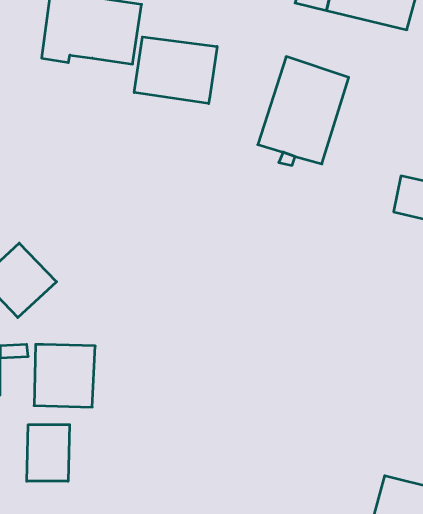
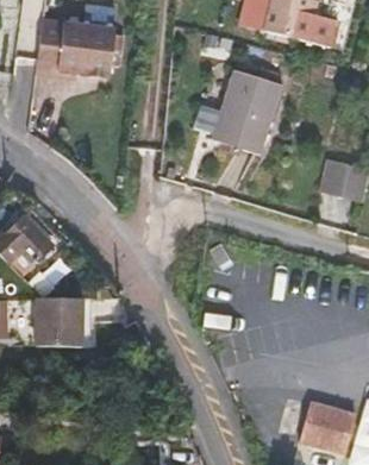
building: [134,37,217,104] -> none
building: [27,425,70,481] -> none

